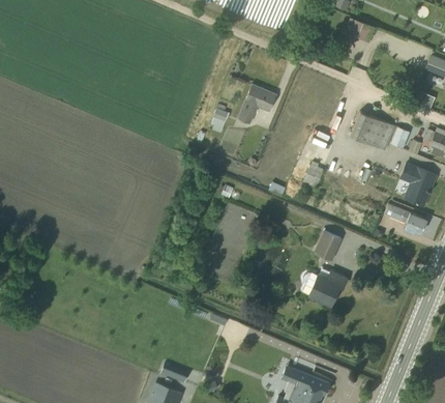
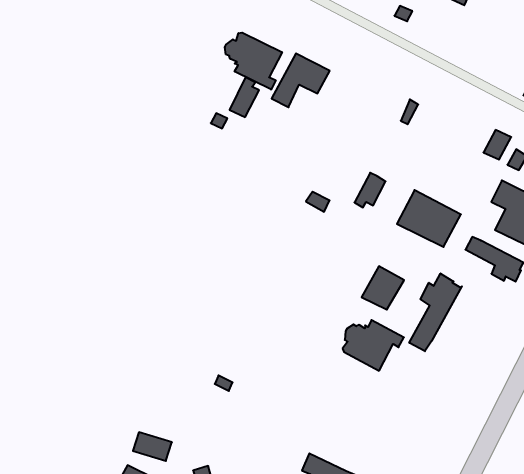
building: none -> [225,33,282,90]
building: [351,112,395,150] -> [397,190,461,247]
building: none -> [409,273,462,351]

